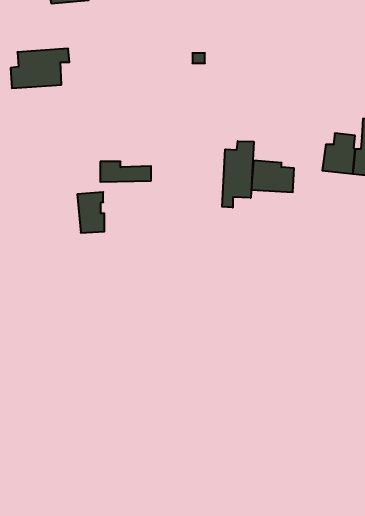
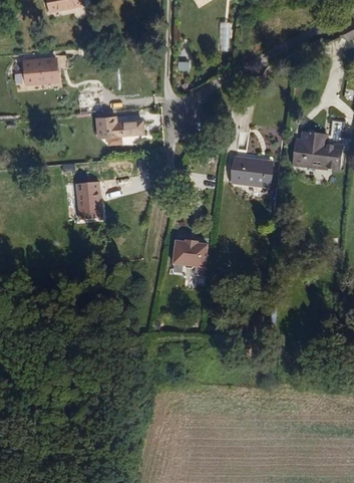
building: [222,141,254,208] -> none
building: [100,162,151,182] -> [93,119,138,138]
building: none -> [170,236,205,265]

